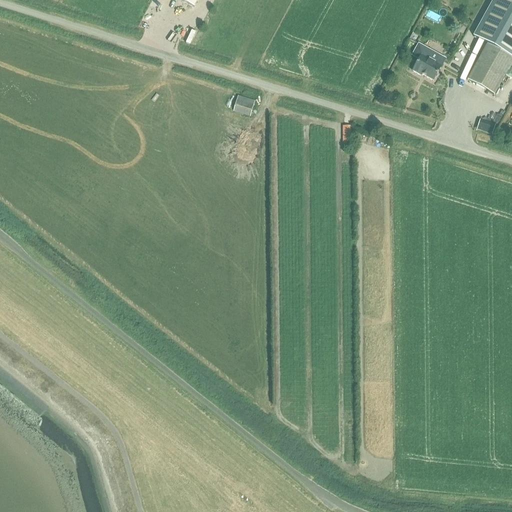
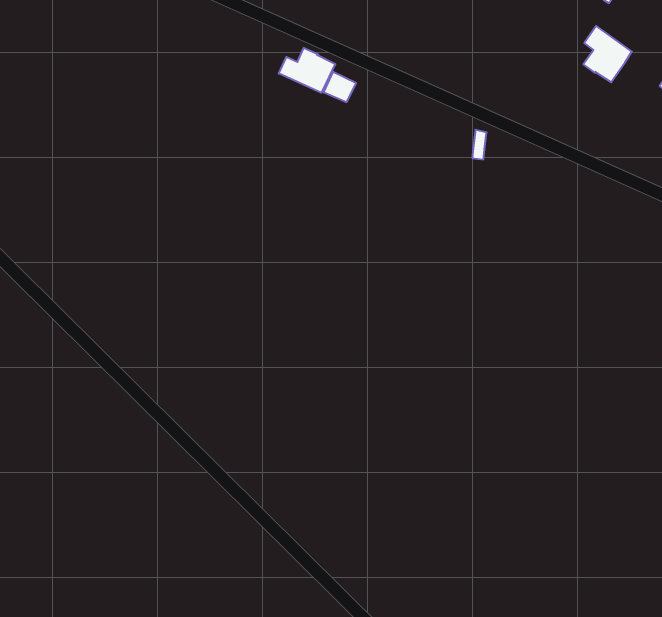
building: none -> [279,48,335,93]

